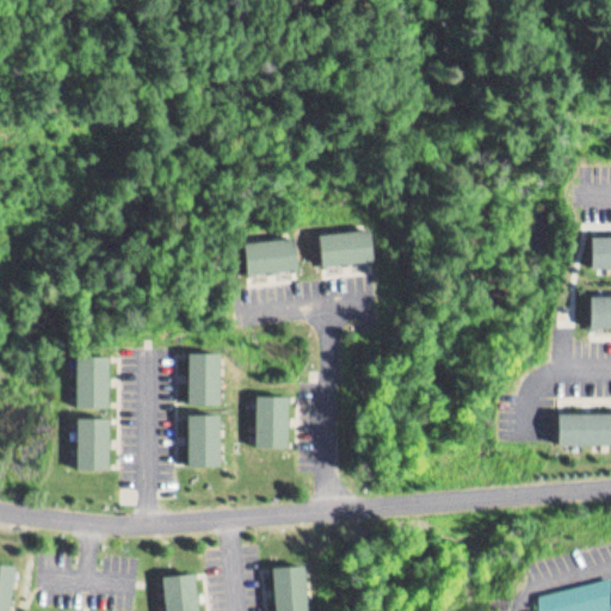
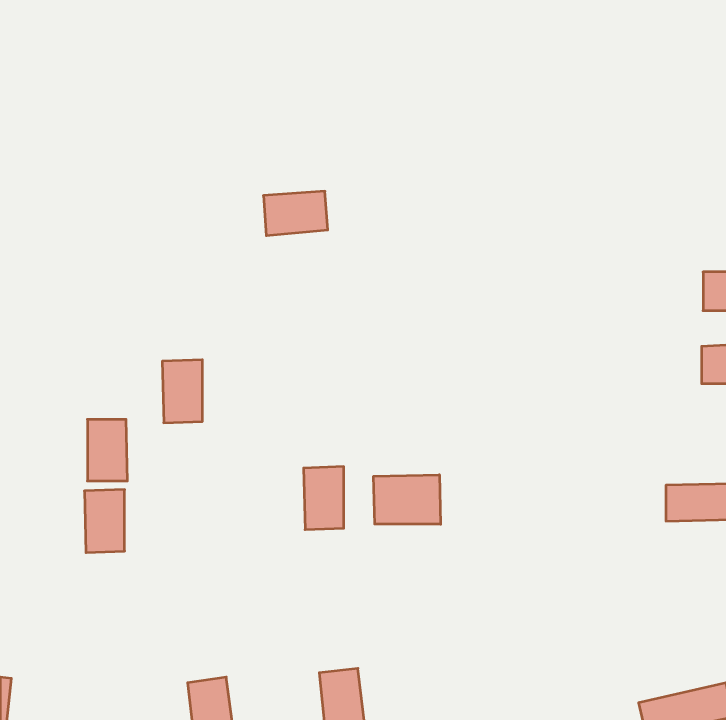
building: [317,230,371,267] -> none
building: [243,240,297,277] -> [263,191,328,236]
building: [185,353,218,406] -> [162,360,202,423]
building: none -> [374,475,441,524]
building: [185,415,218,468] -> none

